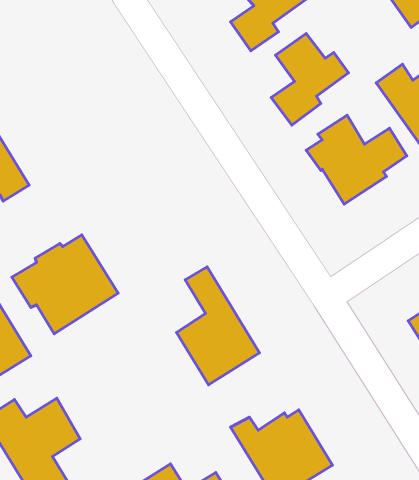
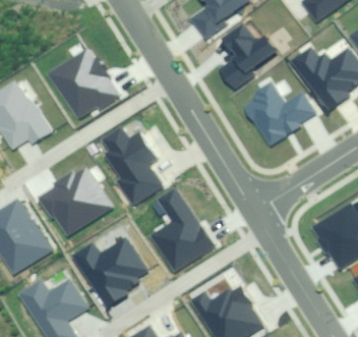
building: none -> [53,48,119,115]
building: none -> [105,127,163,203]
building: none -> [75,236,148,305]

